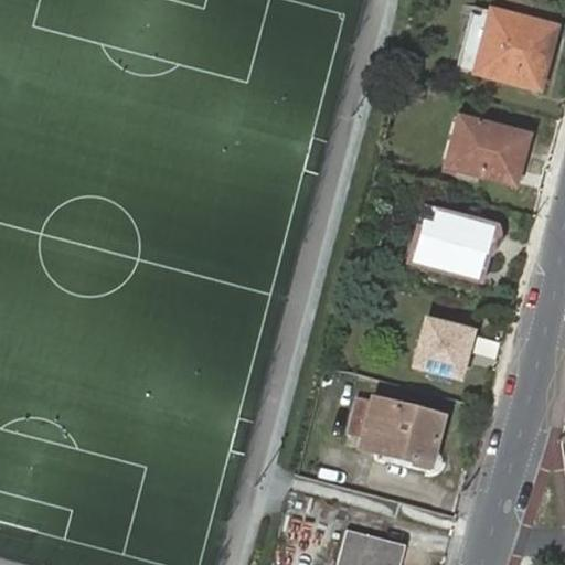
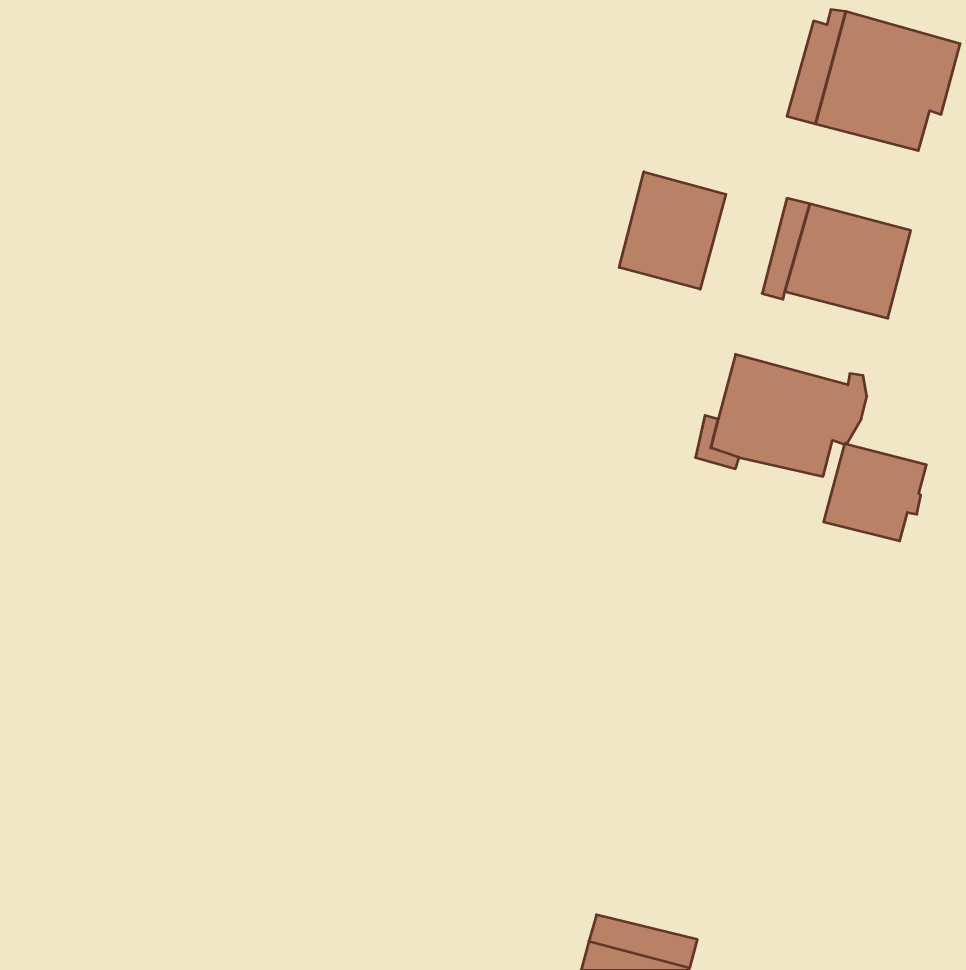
building: none -> [619,172,726,289]
building: [416,320,476,376] -> [824,444,926,541]
building: [349,395,441,465] -> none

